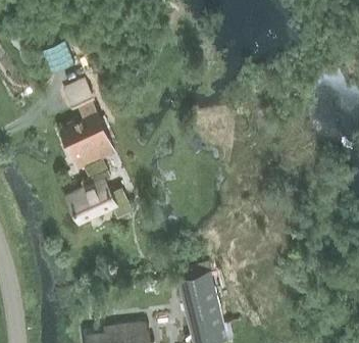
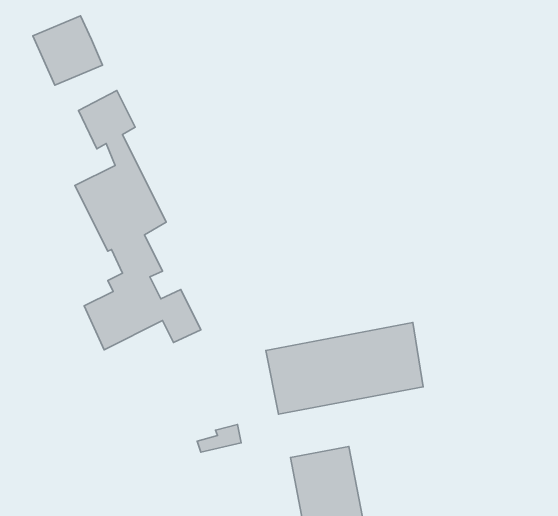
building: none -> [266,323,423,414]

